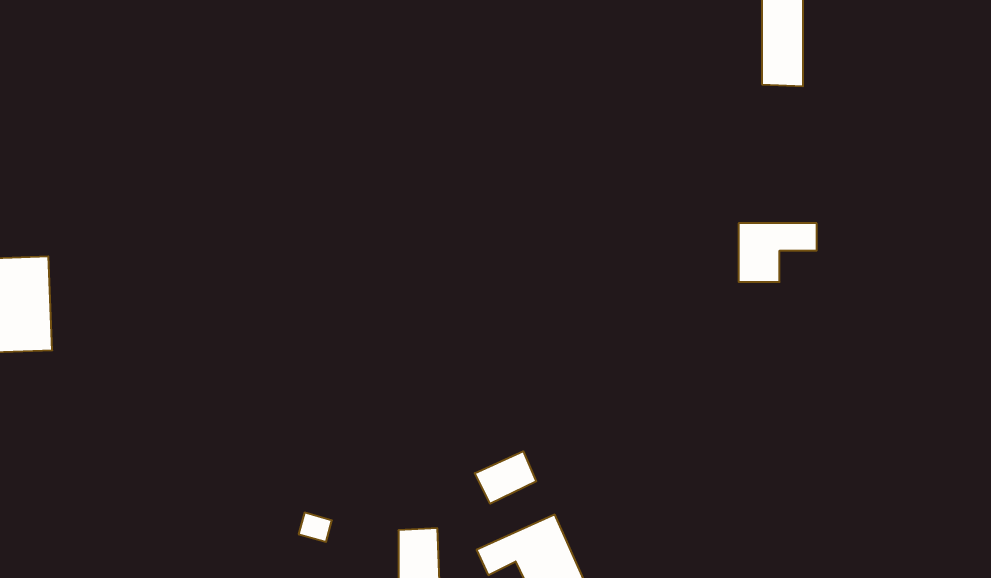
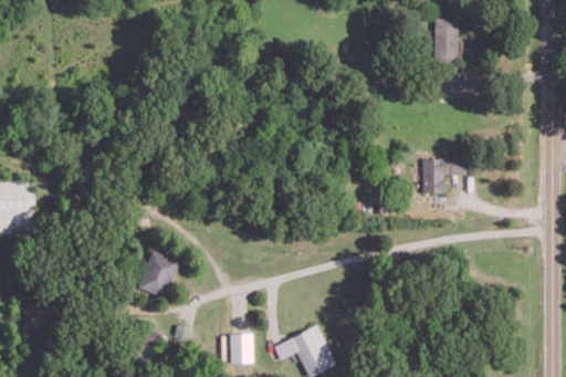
building: none -> [137,250,178,297]
building: [475,451,536,504] -> none

